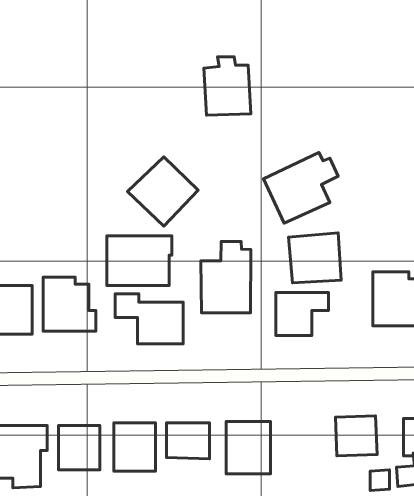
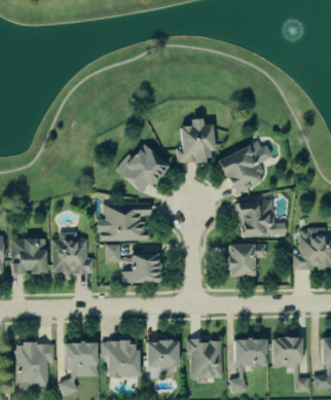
building: [204,57,251,115] -> [179,118,214,161]
building: [201,241,251,313] -> none
building: none -> [233,338,267,365]

